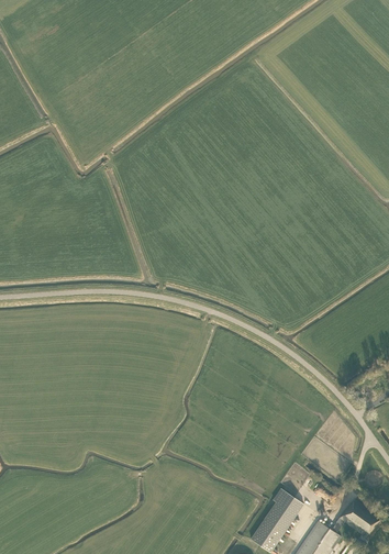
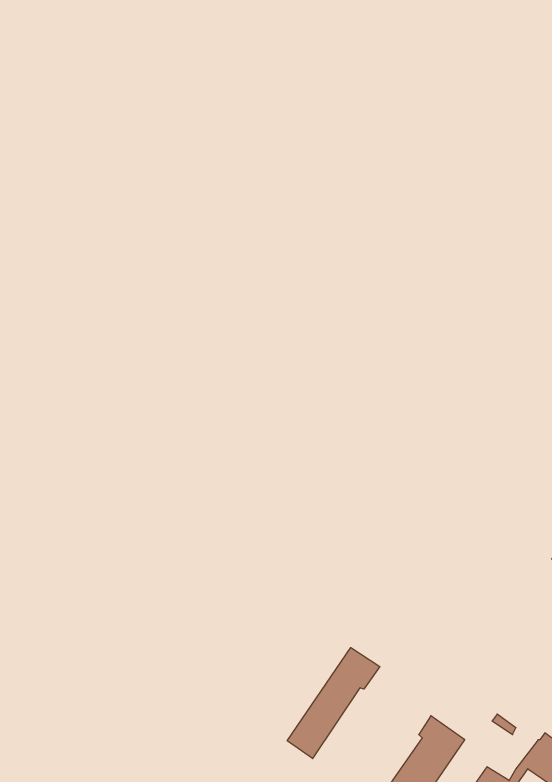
building: none -> [287,648,380,759]

